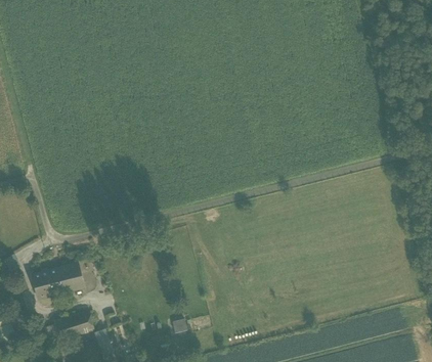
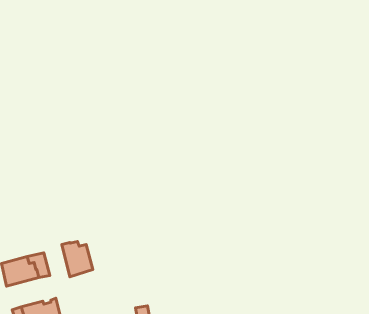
building: none -> [62,241,93,277]

